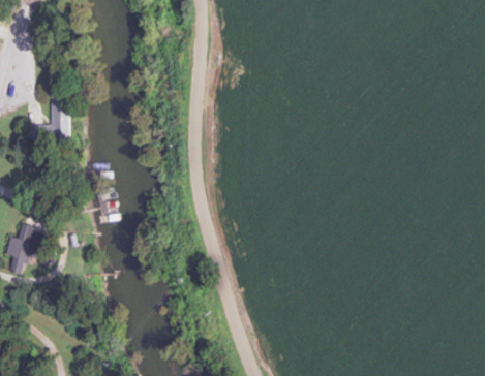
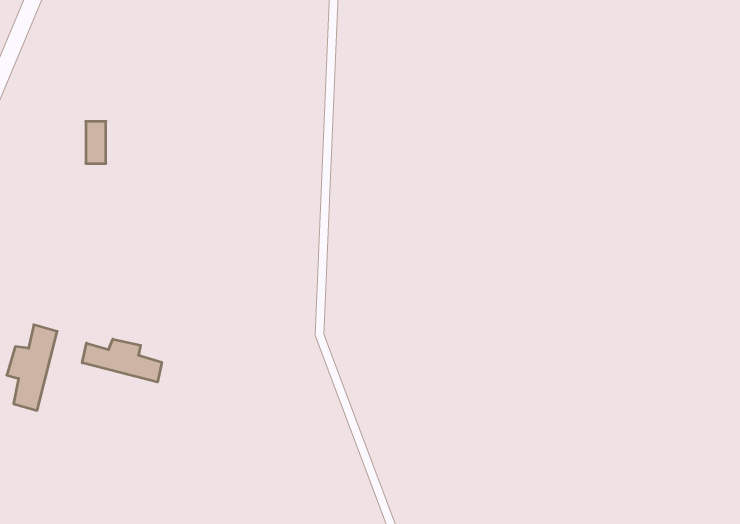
building: none -> [82,339,162,382]

